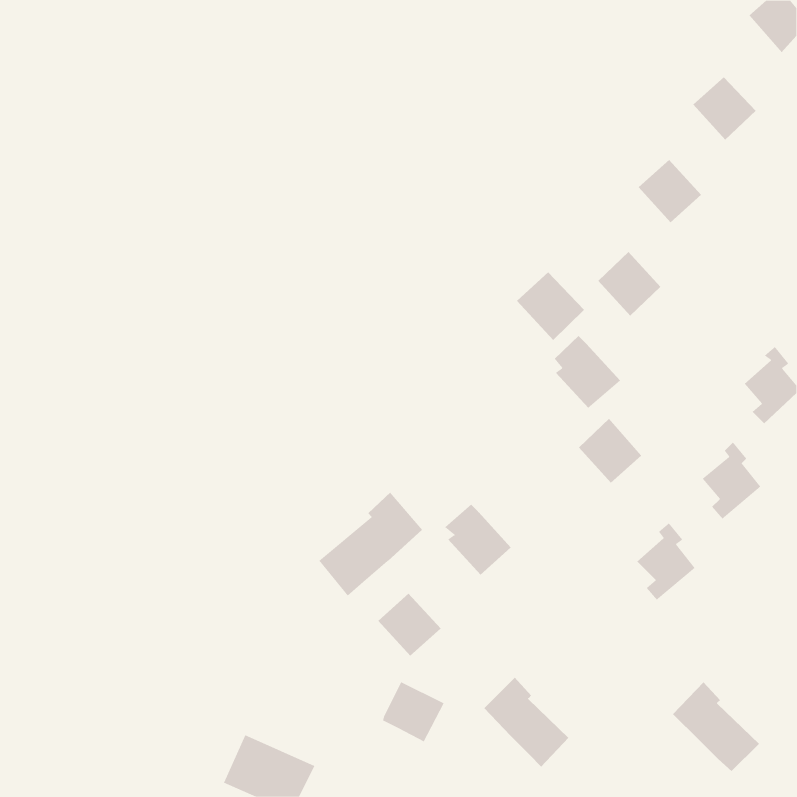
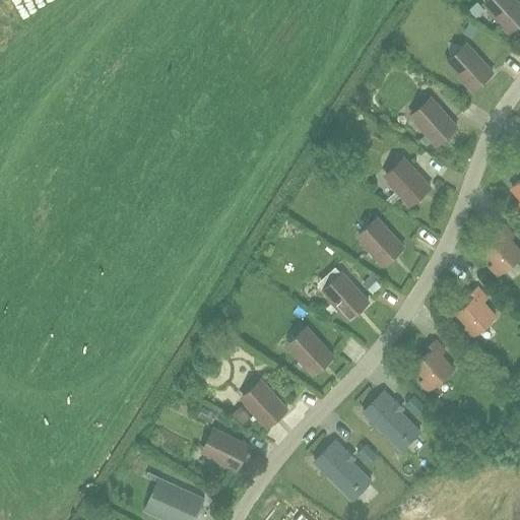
building: [516,272,585,341] -> none
building: [578,418,642,483] -> [327,278,369,321]
building: [319,492,423,596] -> none
building: [672,681,760,772] -> [364,391,420,450]
building: [382,681,444,742] -> [209,432,250,471]

